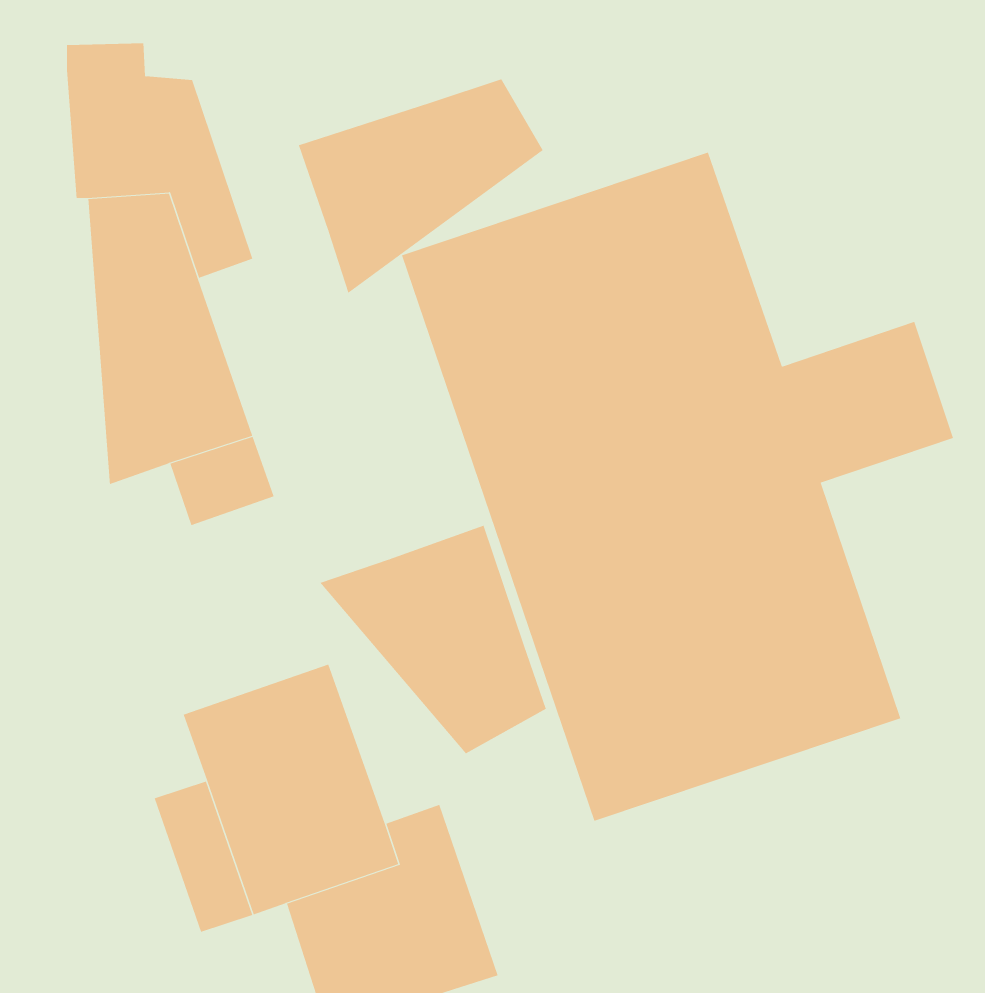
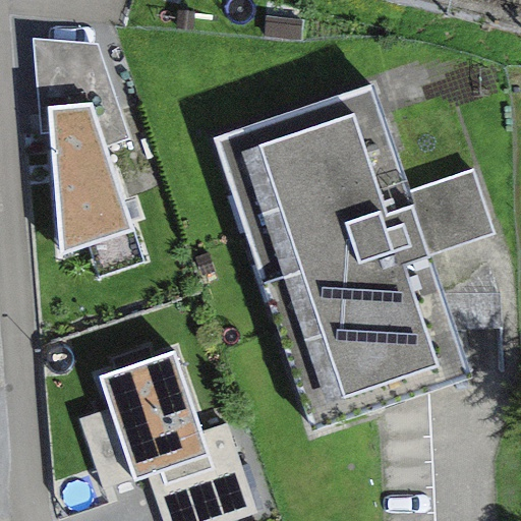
building: [298,78,544,294] -> none
building: [319,525,547,754] -> none

